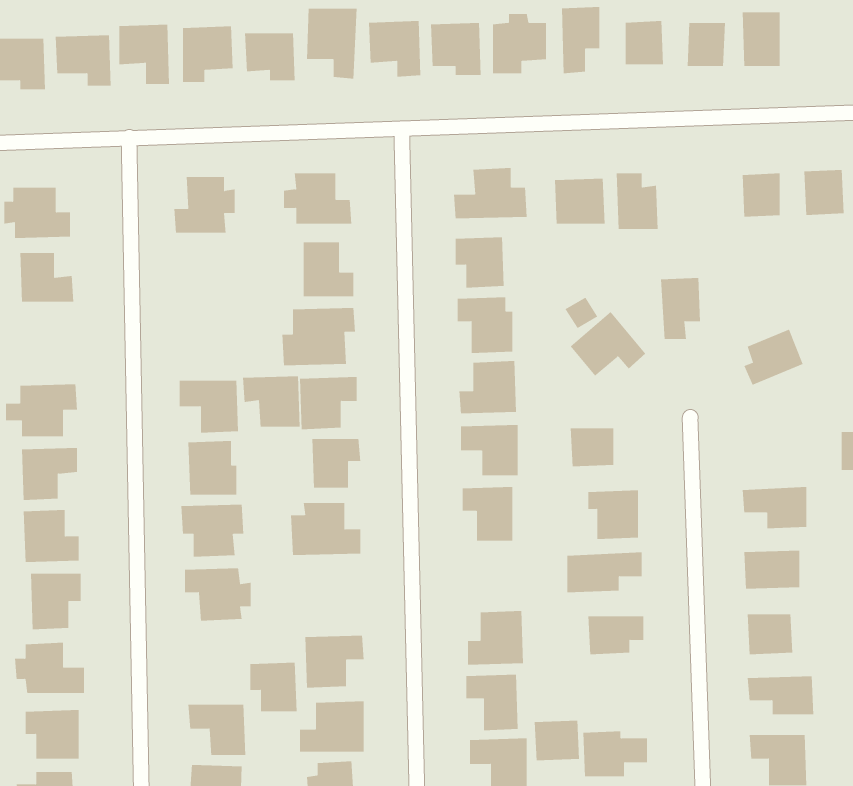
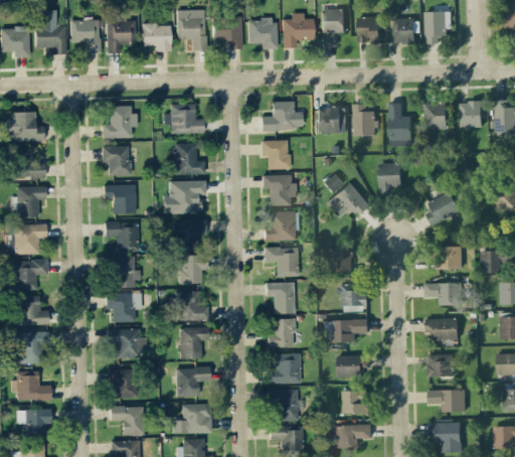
building: none -> [388,103,411,147]
building: none -> [102,146,130,175]
building: none -> [16,185,45,217]
building: [242,376,301,427] -> [103,184,136,213]
building: none -> [439,247,462,269]
building: none -> [267,318,295,347]
building: none -> [180,327,208,358]
building: [250,662,297,712] -> [109,368,136,397]
building: [534,720,580,761] -> [342,391,368,414]

